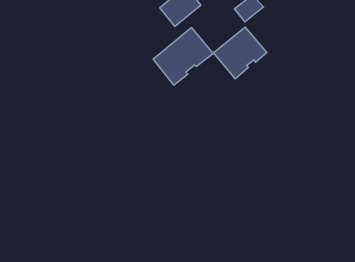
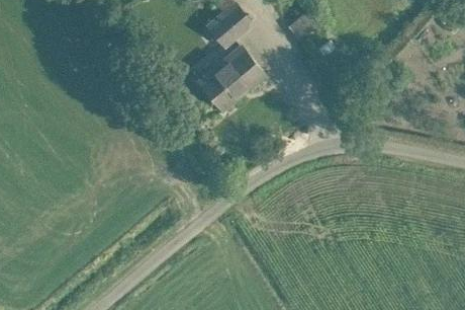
building: [214,27,267,79] -> none

